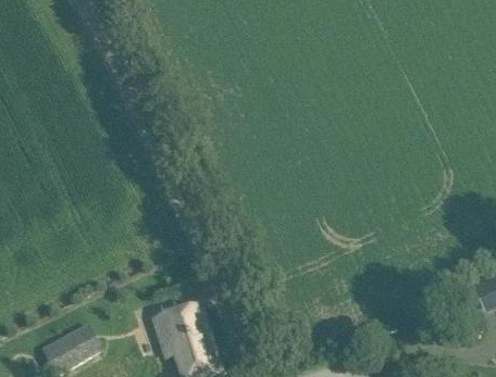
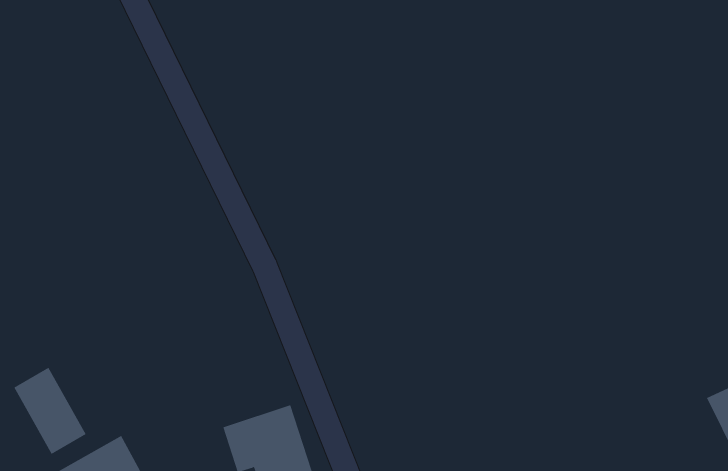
building: none -> [13,367,87,455]

